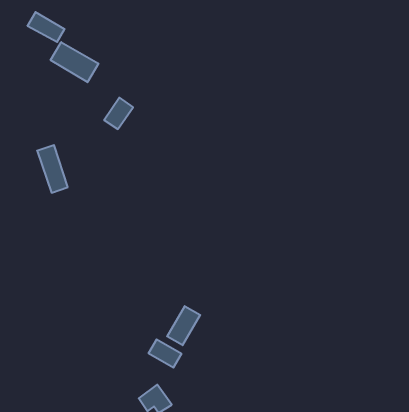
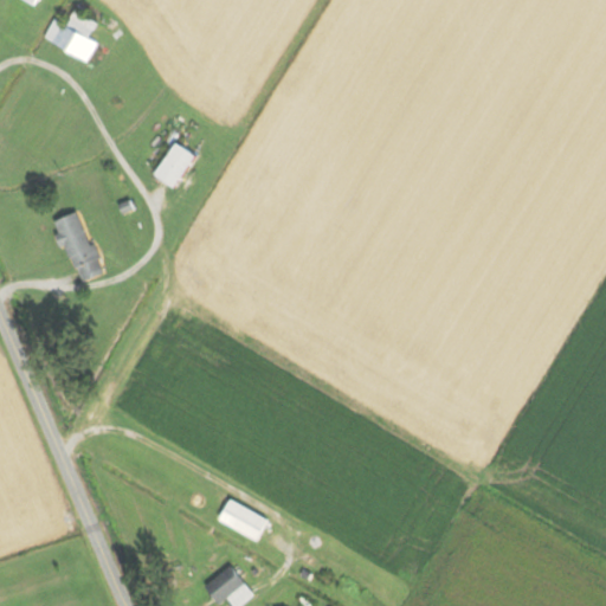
building: [51,42,98,82] -> none
building: [167,306,200,345] -> none

